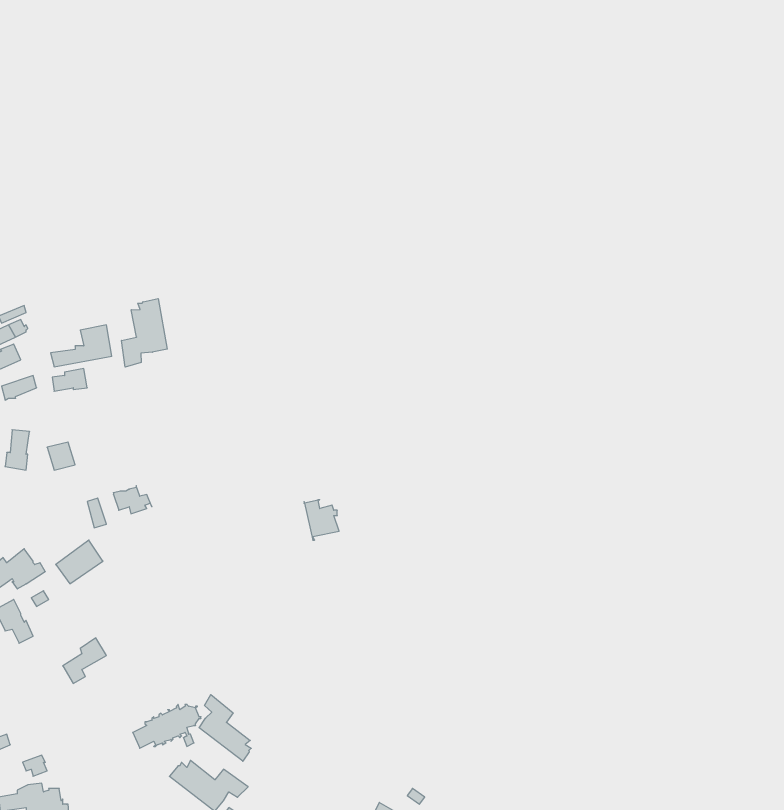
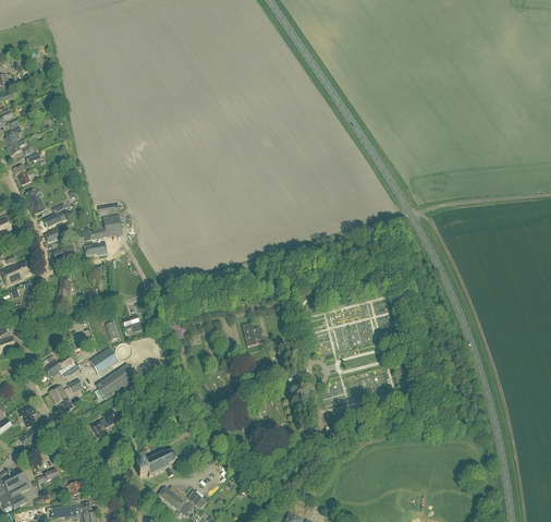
building: [122,299,167,367] -> none
building: none -> [93,364,136,400]
building: [199,695,251,761] -> none

